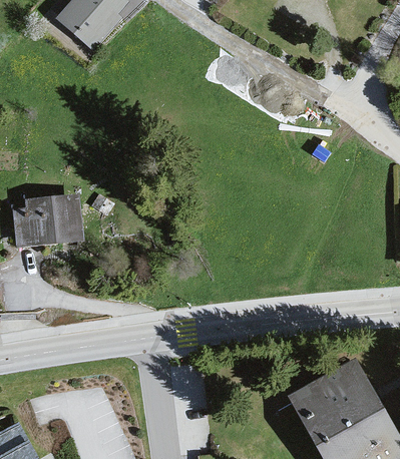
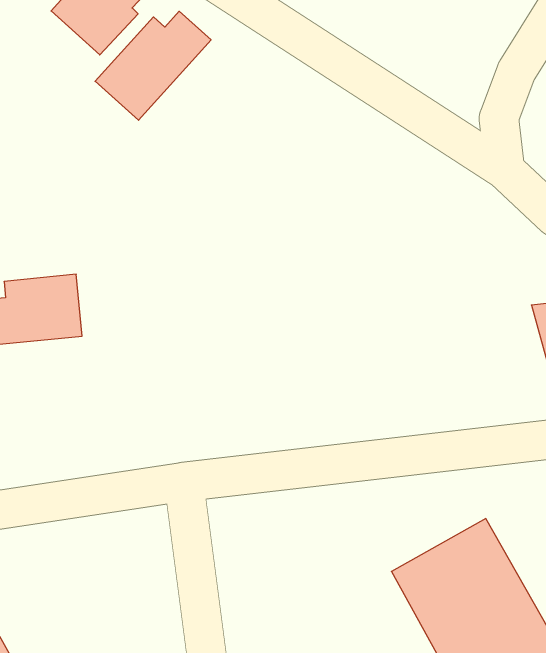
building: none -> [95,11,211,120]

